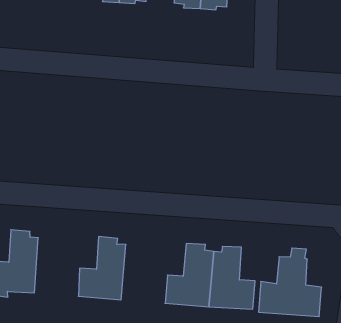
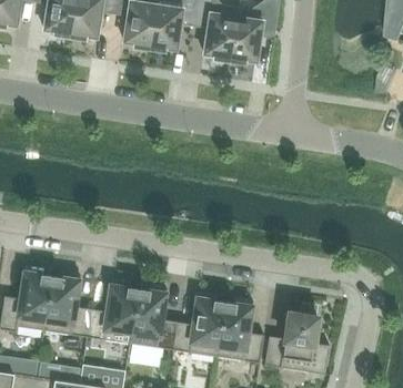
building: none -> [43,270,90,336]
building: none -> [129,284,177,349]

